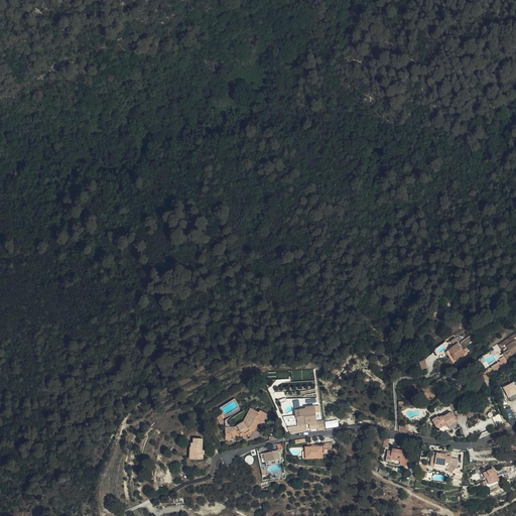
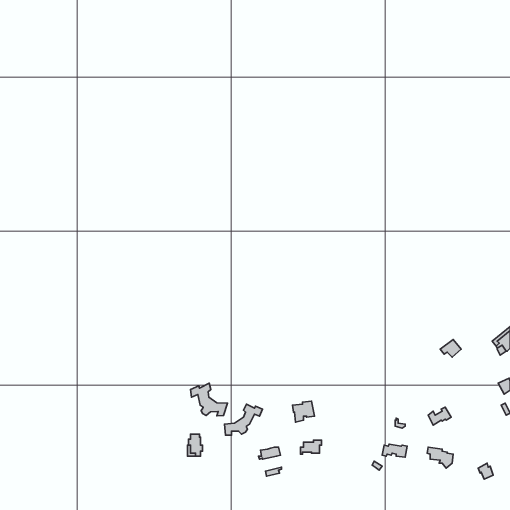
building: none -> [190,383,228,416]

